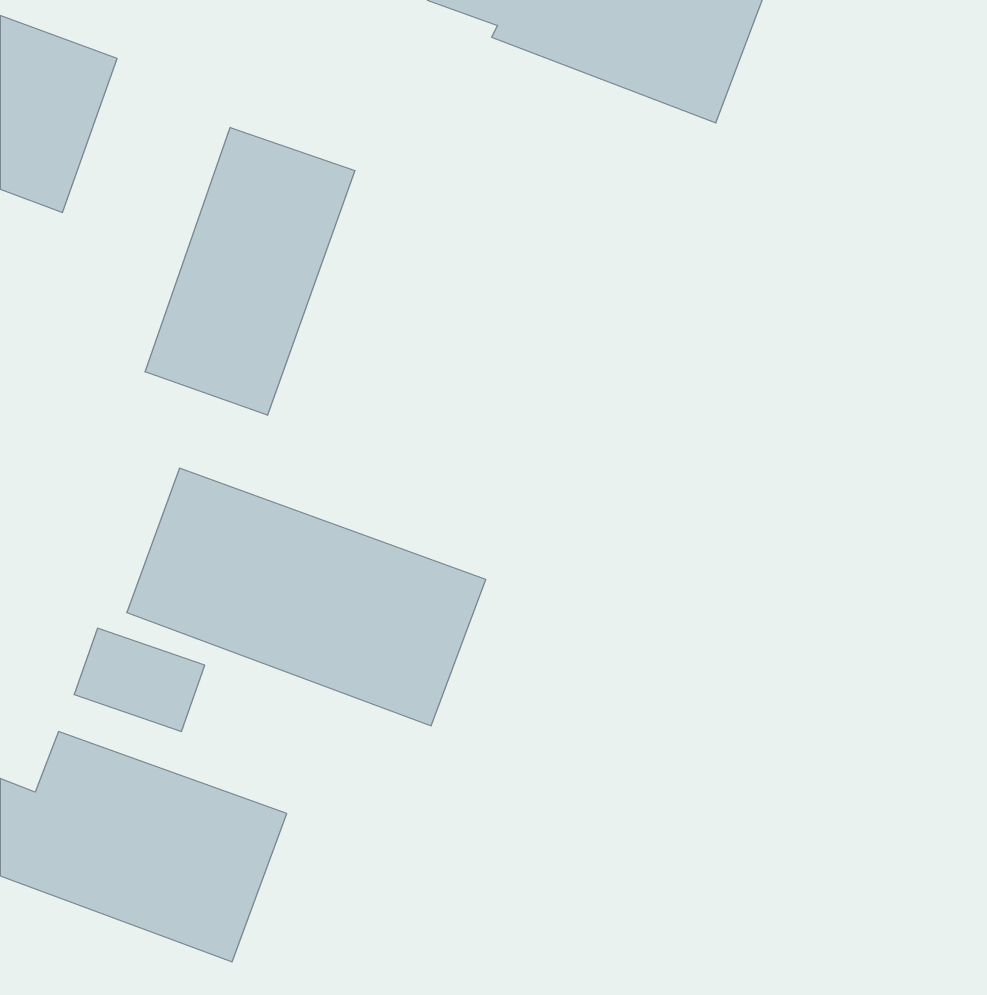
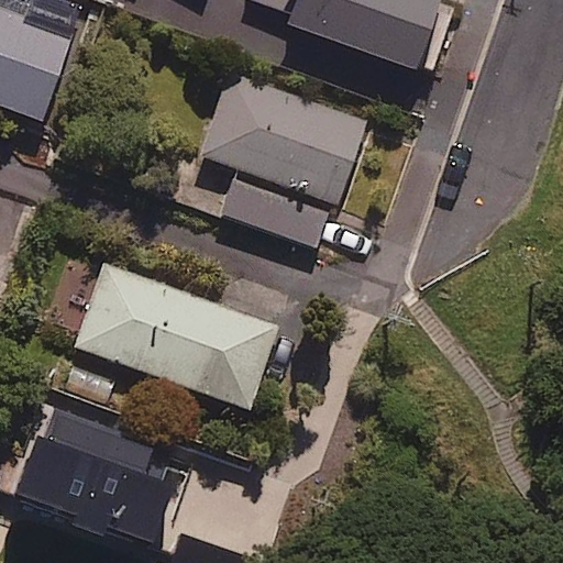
building: [145,127,355,415] -> none
building: none -> [206,75,366,247]

